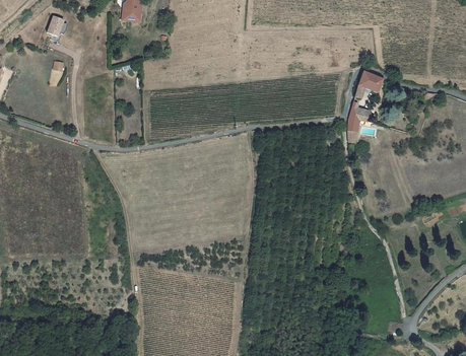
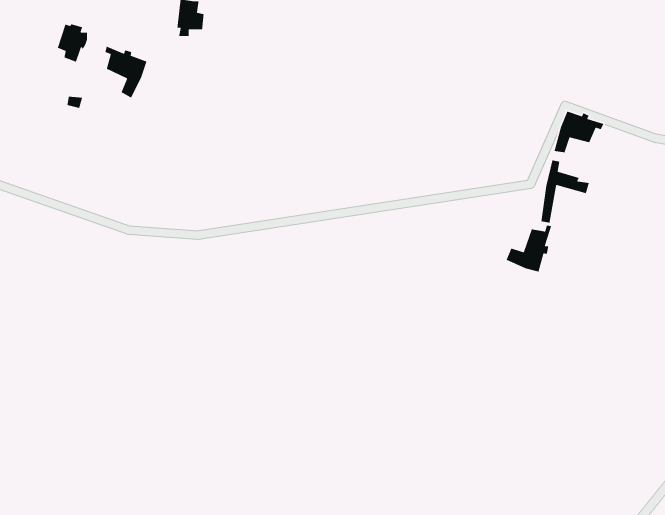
building: none -> [105,46,147,99]
building: none -> [505,225,552,272]

